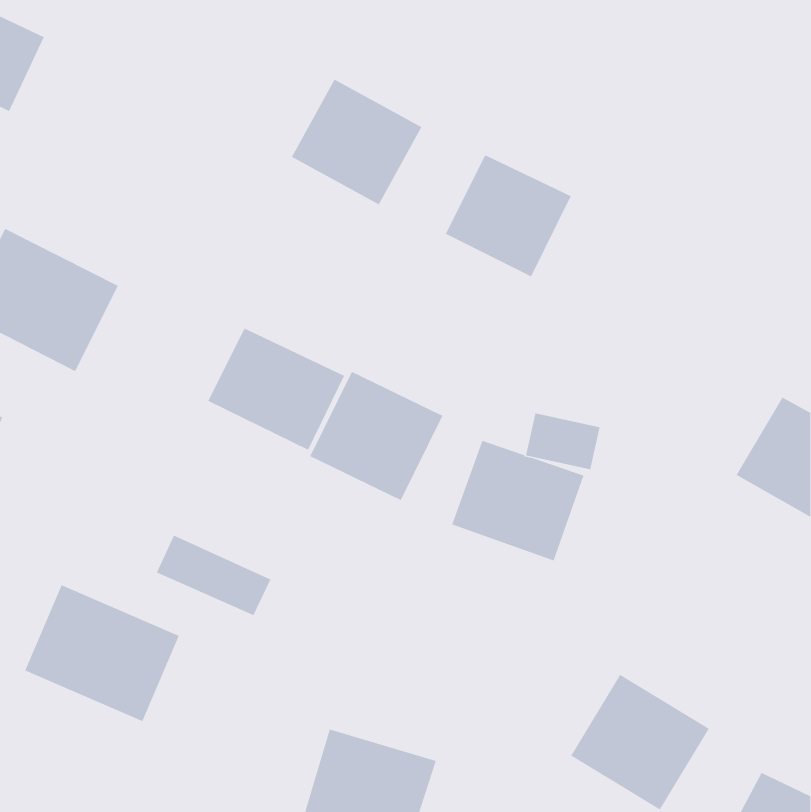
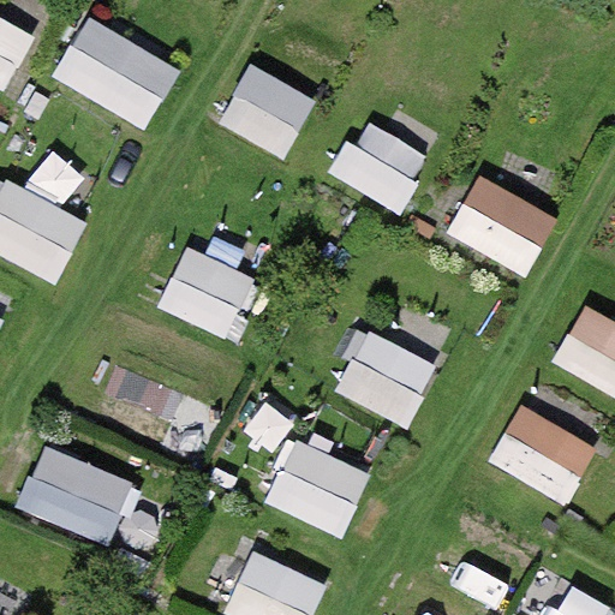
building: none -> [50,16,181,130]
building: none -> [444,174,559,279]
building: [309,371,443,501] -> none
building: none -> [488,399,602,506]
building: none -> [264,436,371,533]

